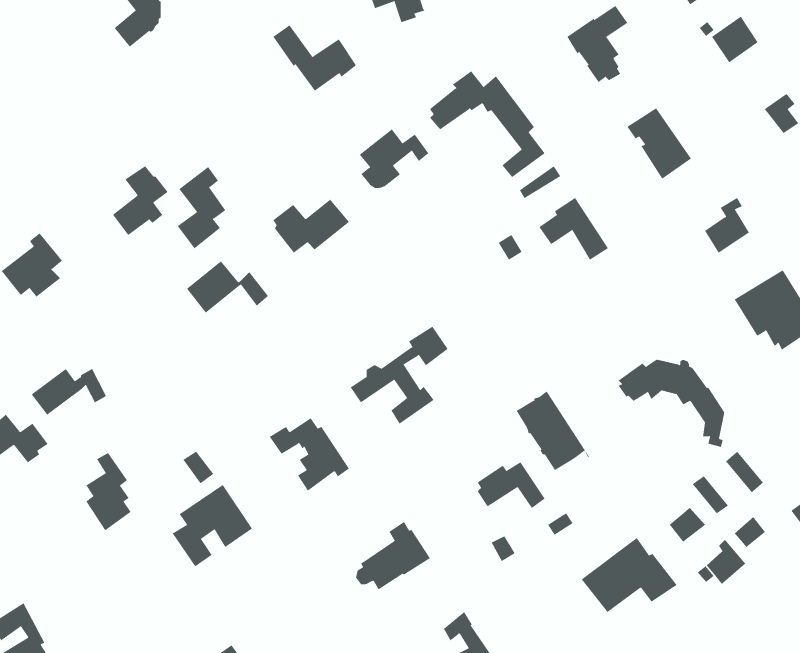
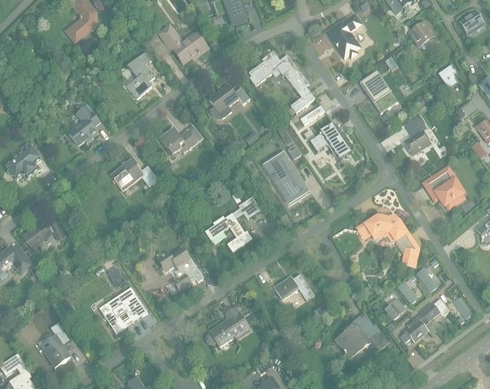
building: [177,166,226,249] -> [125,52,153,99]
building: [516,386,590,471] -> [268,150,310,198]
building: [86,452,131,531] -> [43,323,69,368]

